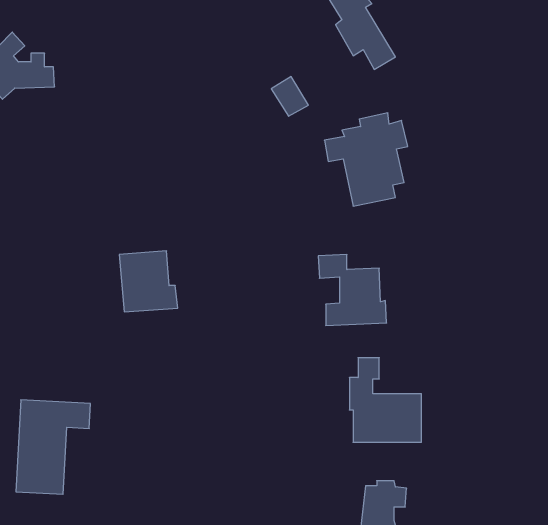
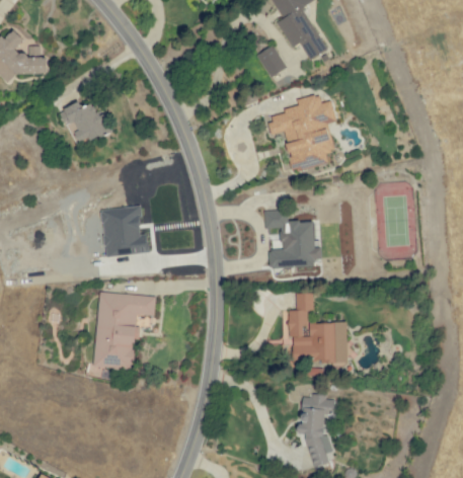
building: [271,77,308,116] -> [256,45,287,77]
building: none -> [58,100,107,143]
building: [16,400,90,494] -> [94,293,155,370]

